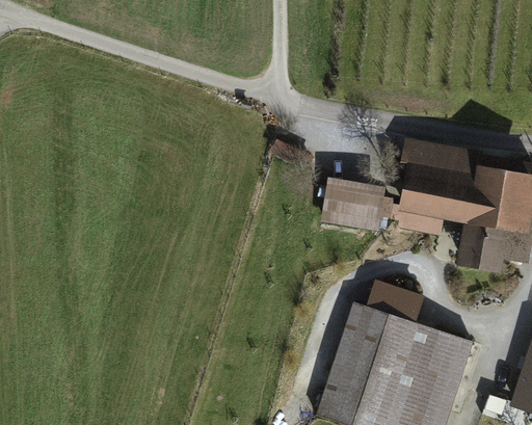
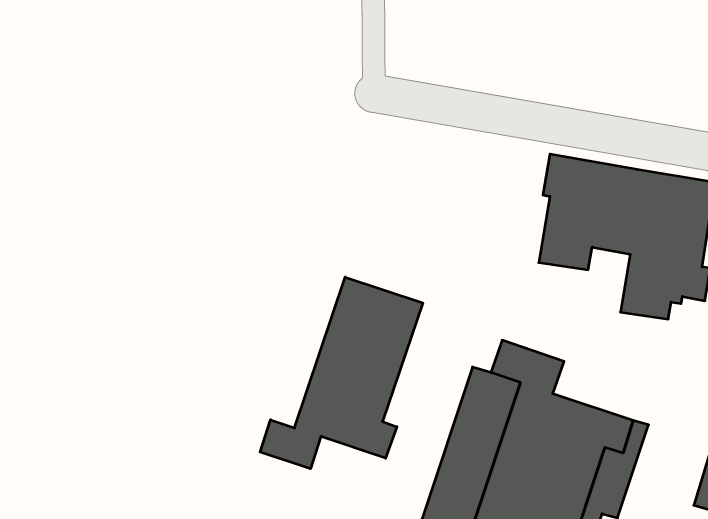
building: [325,185,378,217] -> none
building: none -> [260,277,423,469]

